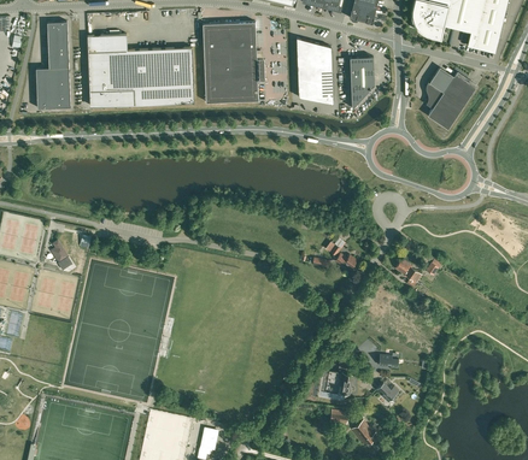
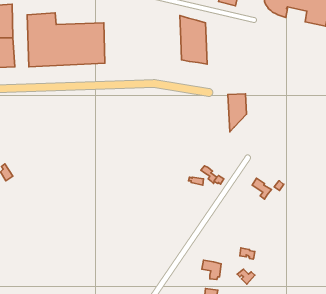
building: [203,20,264,101] -> none
building: [350,55,375,107] -> [228,94,247,132]
building: [426,67,476,125] -> none

